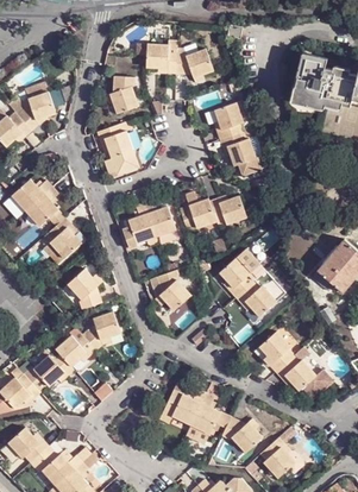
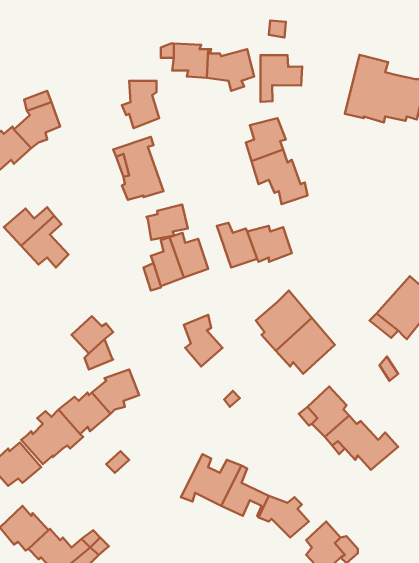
building: none -> [260,55,302,102]
building: none -> [147,205,188,240]
building: [44,220,81,264] -> none

